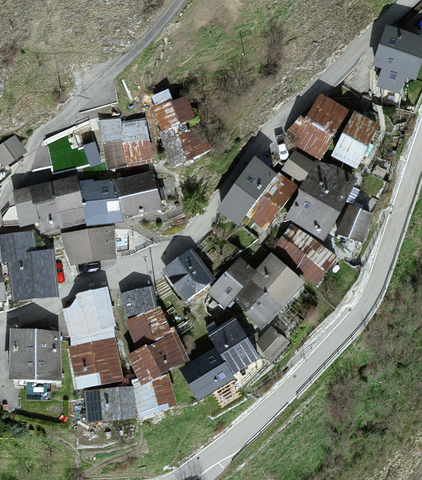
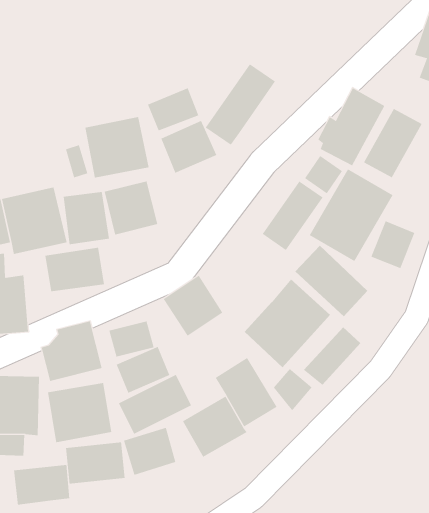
building: [217,157,276,225] -> [205,63,276,146]
building: [206,257,254,306] -> [303,326,361,386]
building: none -> [14,464,70,505]

